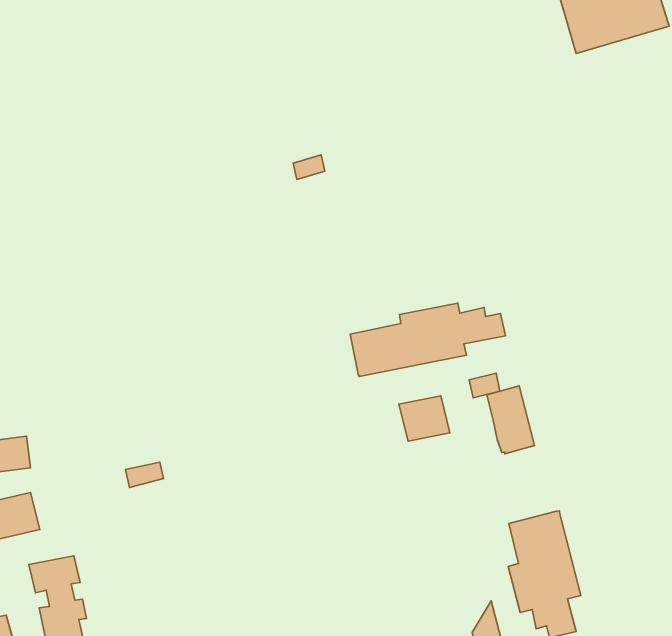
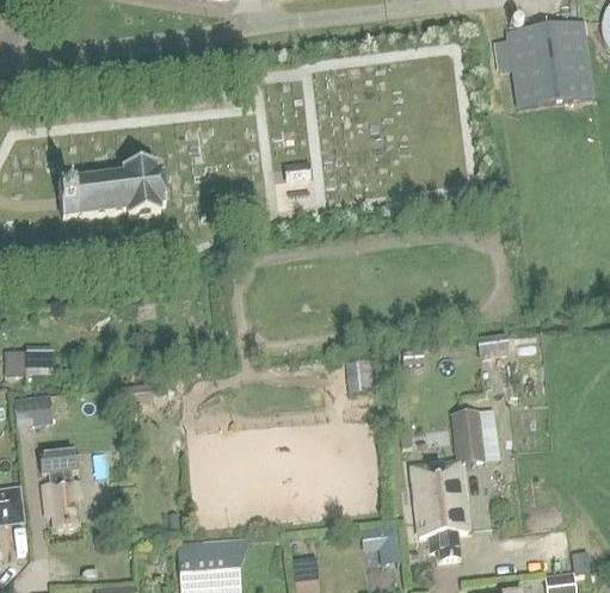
building: none -> [60,161,164,215]
building: [350,303,505,377] -> none
building: [487,386,535,454] -> [451,408,483,459]

